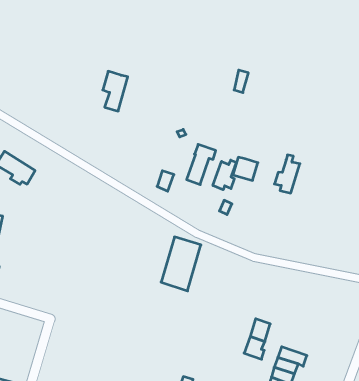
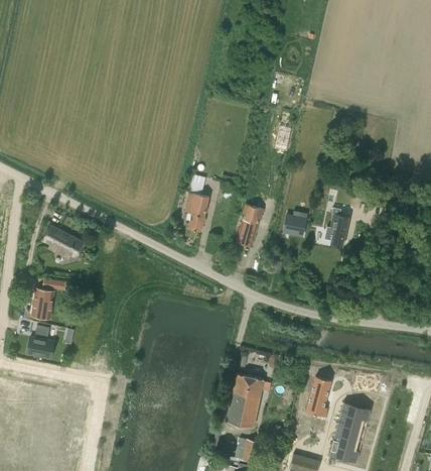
building: [103,71,128,111] -> [184,193,208,232]
building: [213,160,236,190] -> none
building: [161,237,201,291] -> [226,374,263,428]

